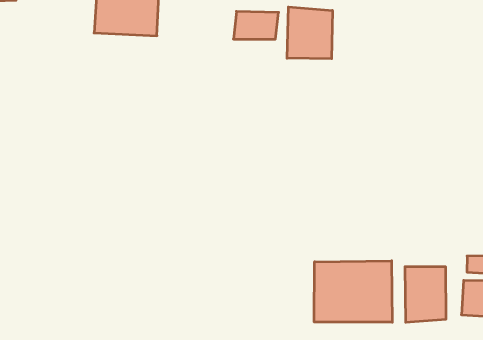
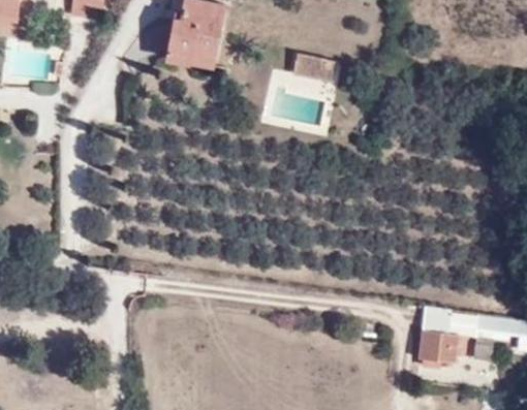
building: [287,7,332,59] -> none
building: [314,261,392,322] -> none

